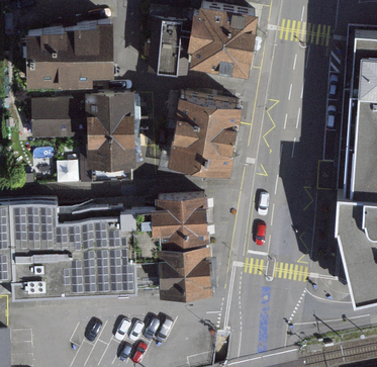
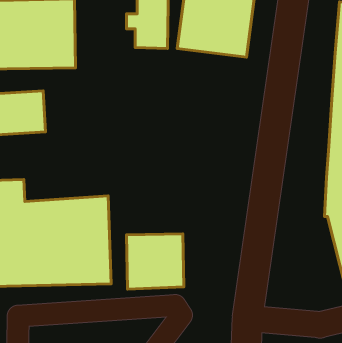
building: [177,91,254,172] -> none
building: [76,100,129,185] -> none
building: [150,196,203,246] -> none

